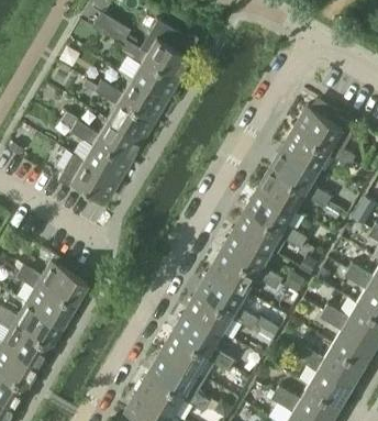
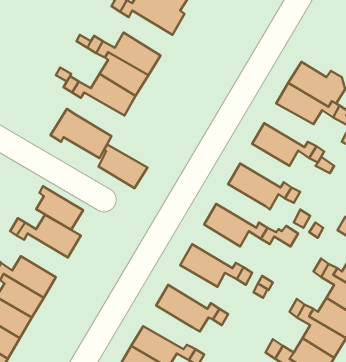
building: [129,55,178,100] -> none
building: [80,137,130,181] -> [98,145,148,188]
building: [270,148,320,192] -> none
building: [246,189,296,233] -> none
building: [222,230,271,274] -> none
building: [198,270,246,314] -> none
building: [25,279,73,323] -> [36,186,83,230]
building: [174,311,223,355] -> none
building: [148,352,205,396] -> none

